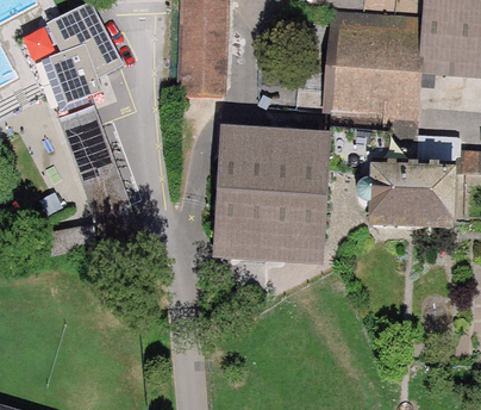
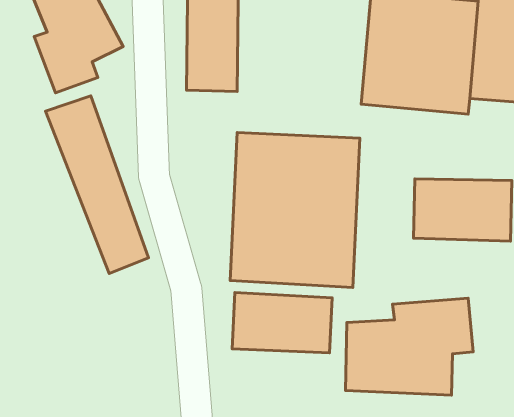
building: none -> [232,293,332,353]
building: none -> [345,298,473,395]

